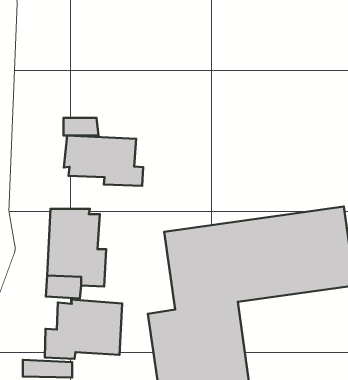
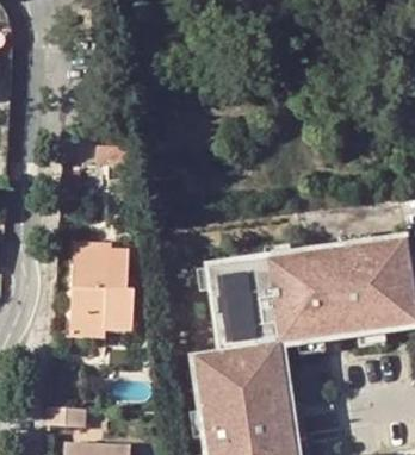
building: [64,135,143,186] -> none
building: [45,299,122,359] -> none

